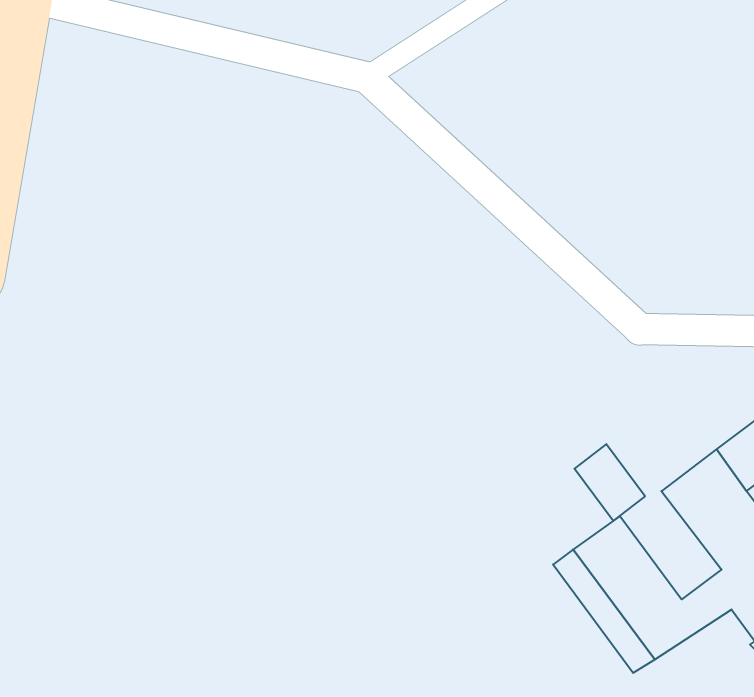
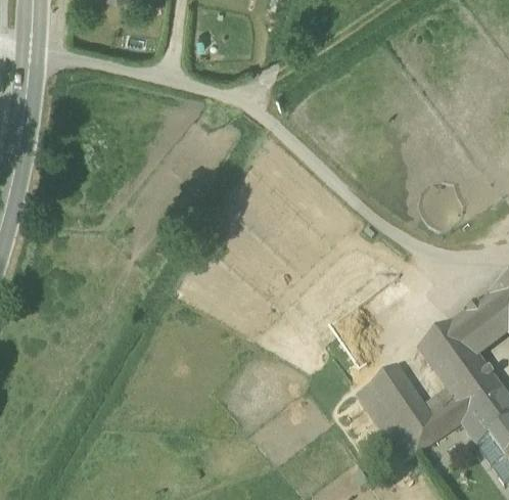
building: [574,444,645,521] -> none

